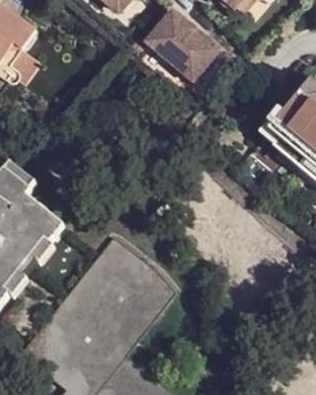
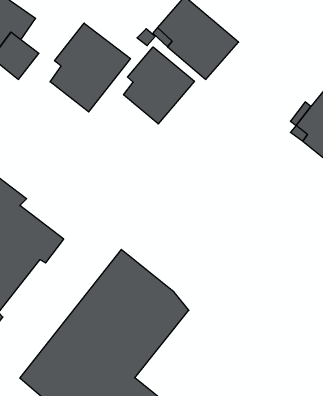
building: none -> [50,23,130,112]
building: none -> [124,47,194,124]

